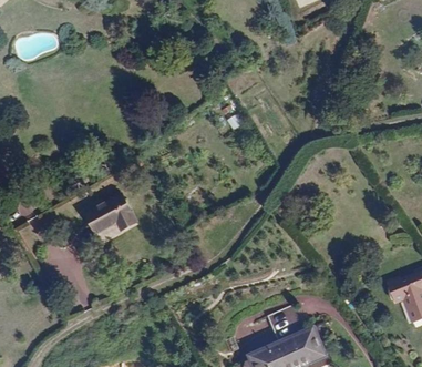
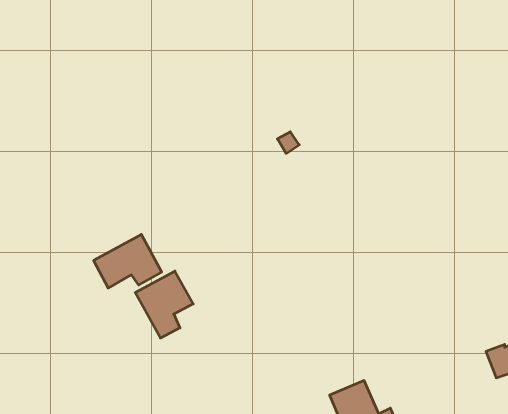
building: none -> [135,271,193,338]

